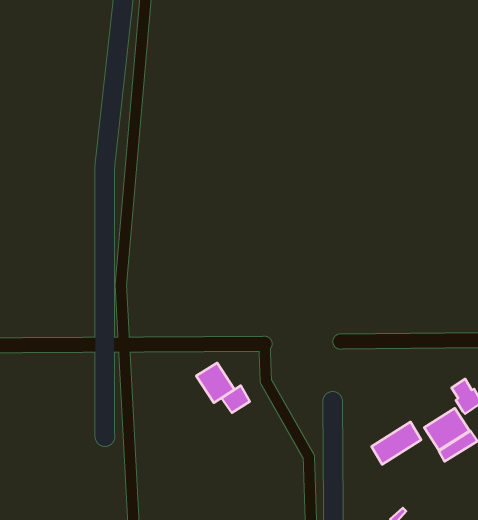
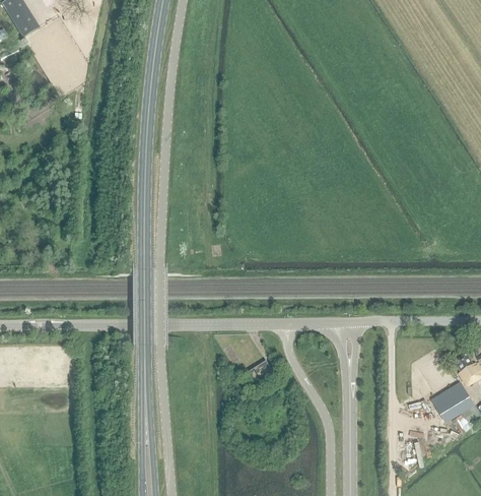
building: [196,363,235,403] -> none
building: [372,422,421,464] -> none

